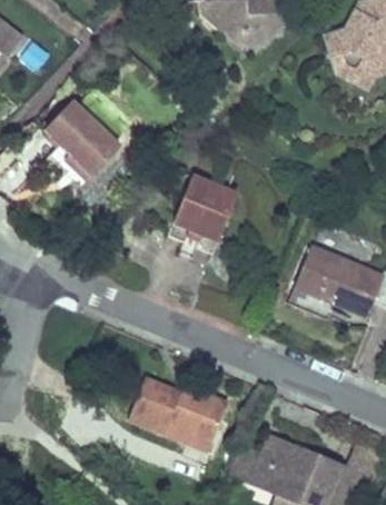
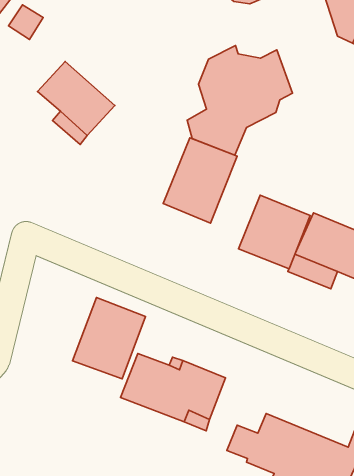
building: none -> [187,46,292,155]
building: none -> [238,195,310,269]
building: none -> [72,298,146,379]

